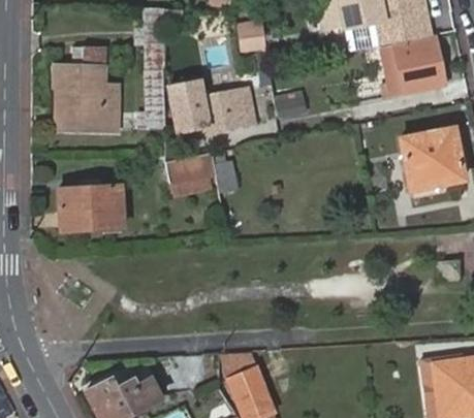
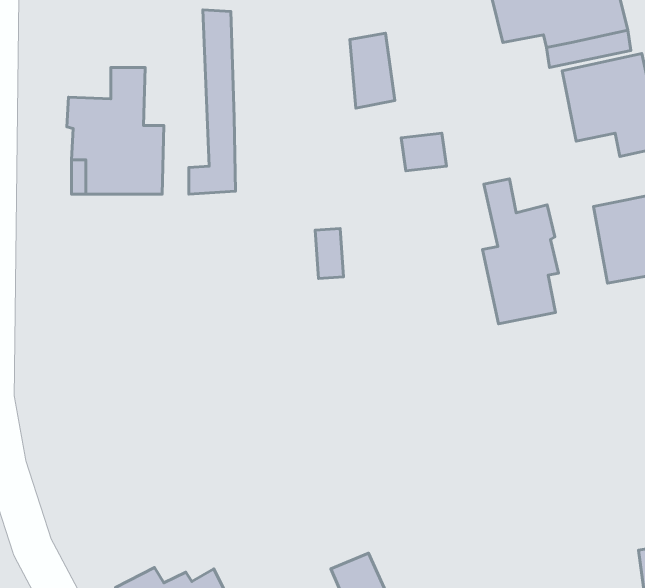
building: [168,83,258,143] -> none
building: none -> [483,179,559,324]
building: [167,153,217,185] -> none
building: [59,186,122,231] -> none

